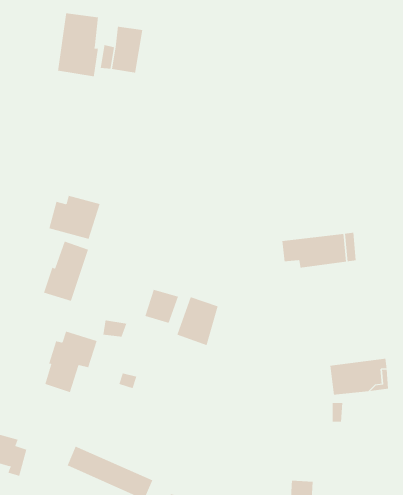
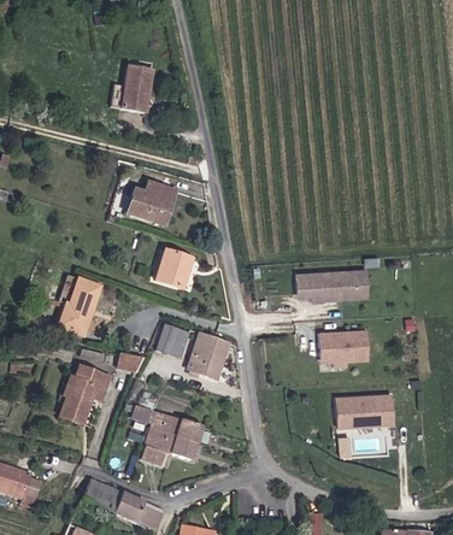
building: [58,13,98,77] -> none
building: [49,195,100,239] -> [127,181,177,224]
building: none -> [155,248,192,288]
building: none -> [317,329,367,363]
building: none -> [142,411,202,465]

